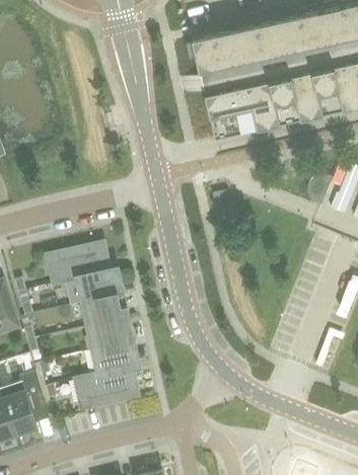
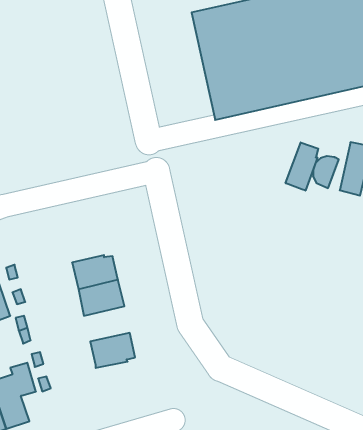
building: none -> [286,142,318,191]
building: [49,242,108,283] -> none
building: [88,315,132,348] -> none
building: [75,368,135,404] -> none

